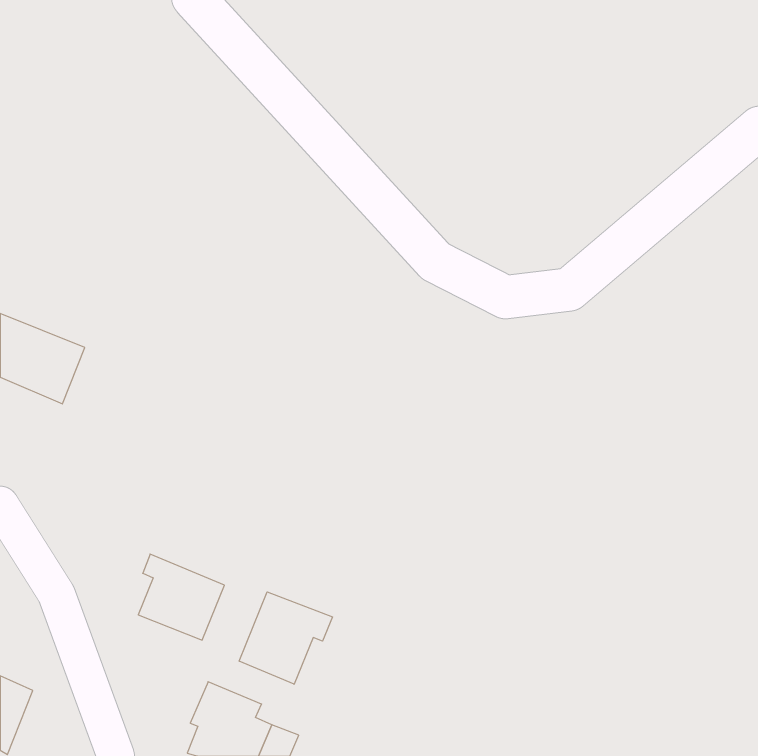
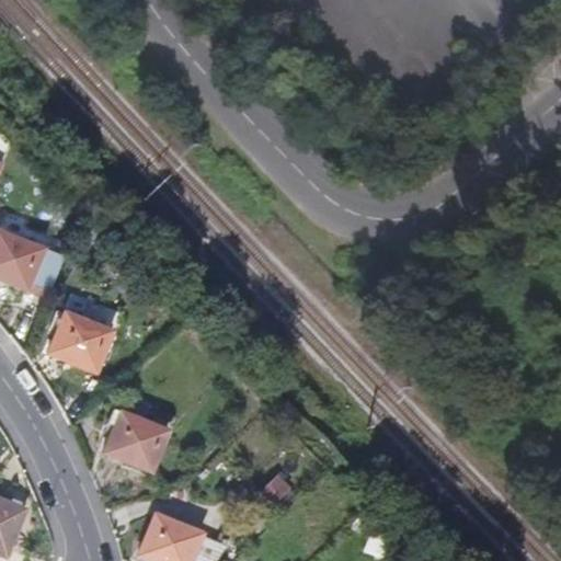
building: none -> [48,313,112,373]
building: [239,592,333,684] -> none

